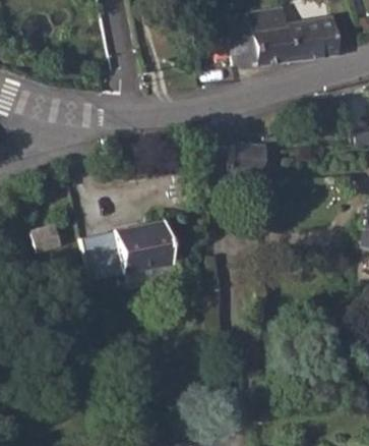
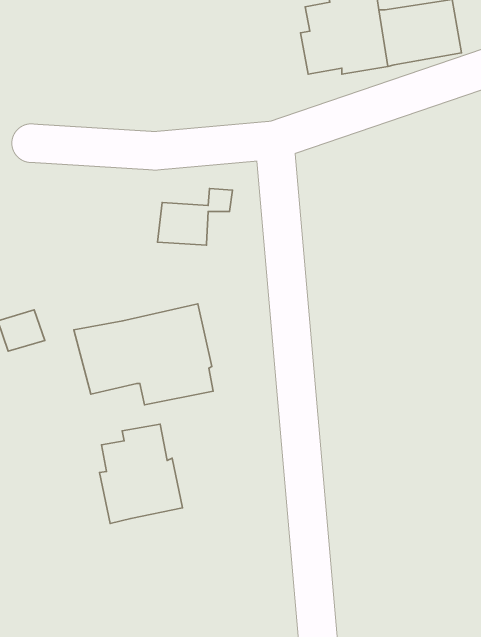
building: [232,134,282,172] -> [157,189,233,245]
building: none -> [99,424,182,524]

